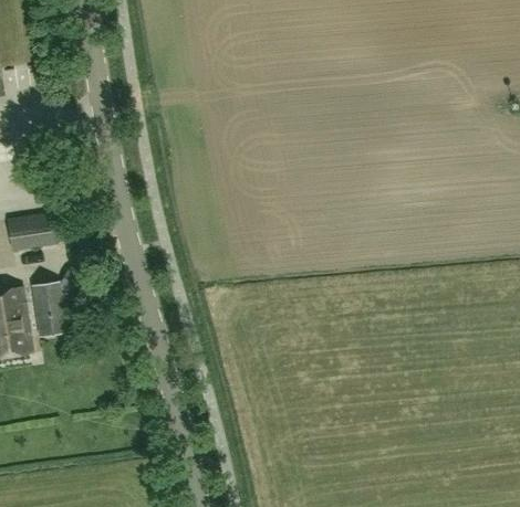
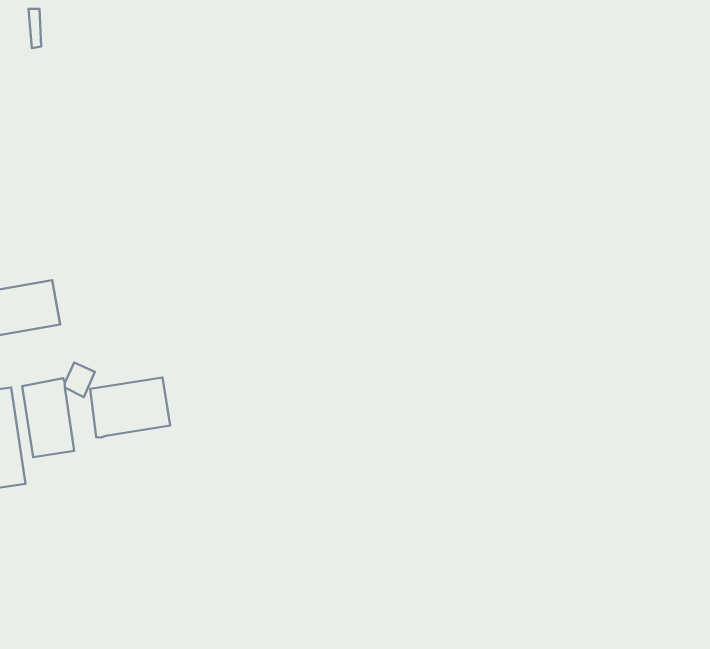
building: none -> [90,378,170,437]

